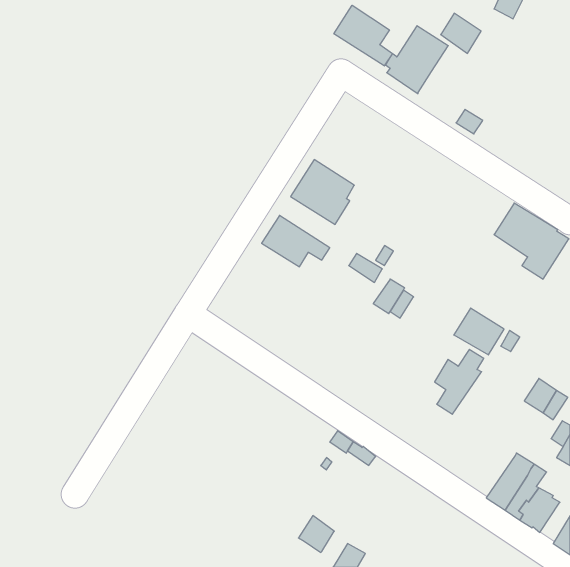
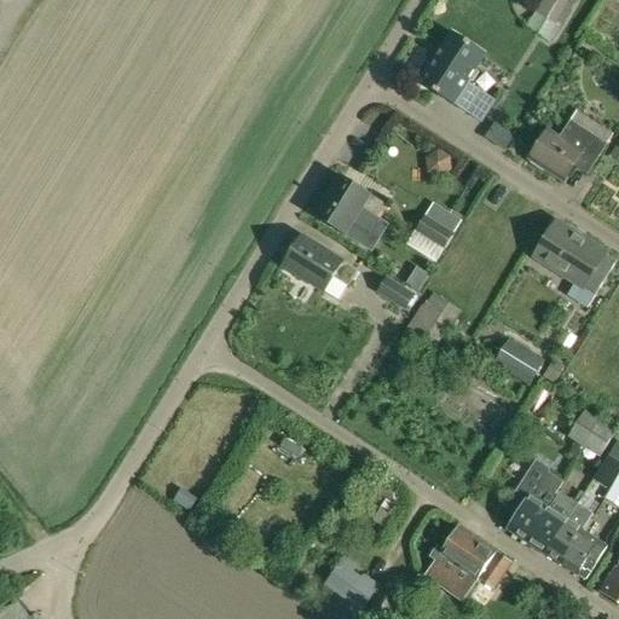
building: [334,5,392,66] -> none
building: [441,13,481,53] -> [452,77,496,121]
building: none -> [530,117,607,178]
building: none -> [416,199,461,243]
building: [435,349,484,414] -> [507,469,560,539]
building: none -> [435,523,511,586]

